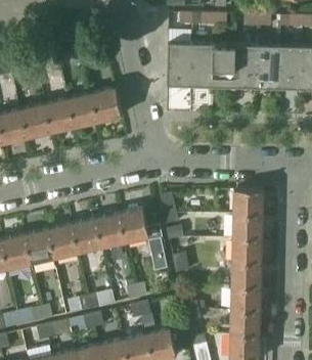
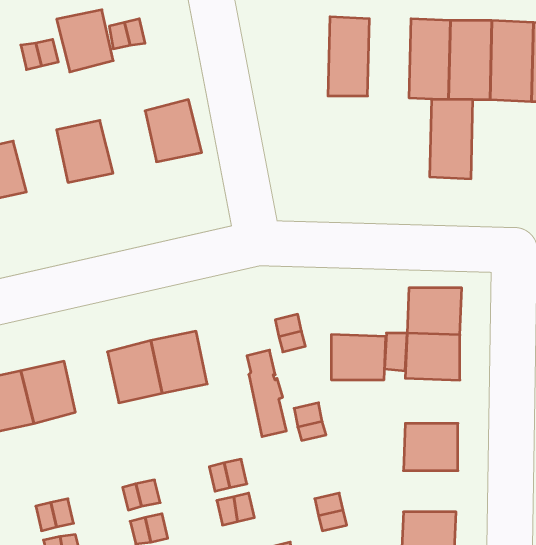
building: [167,43,191,86] -> none
building: [212,44,235,87] -> [430,100,473,179]
building: [66,94,97,128] -> [57,10,113,72]
building: [19,104,49,138] -> none
building: [119,209,148,242] -> none
building: [47,225,77,258] -> none
building: [232,239,262,264] -> [331,335,386,380]
building: [231,289,261,312] -> none

